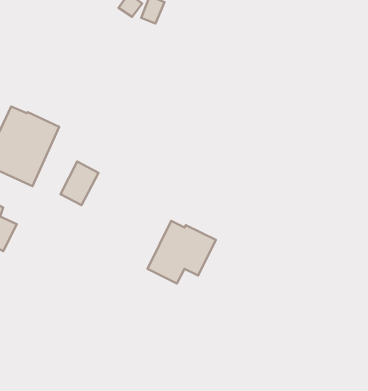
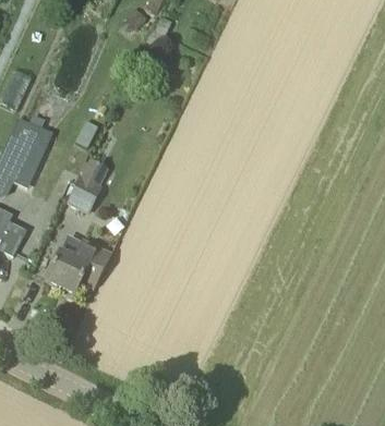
building: [148,221,216,283] -> [45,232,111,293]

